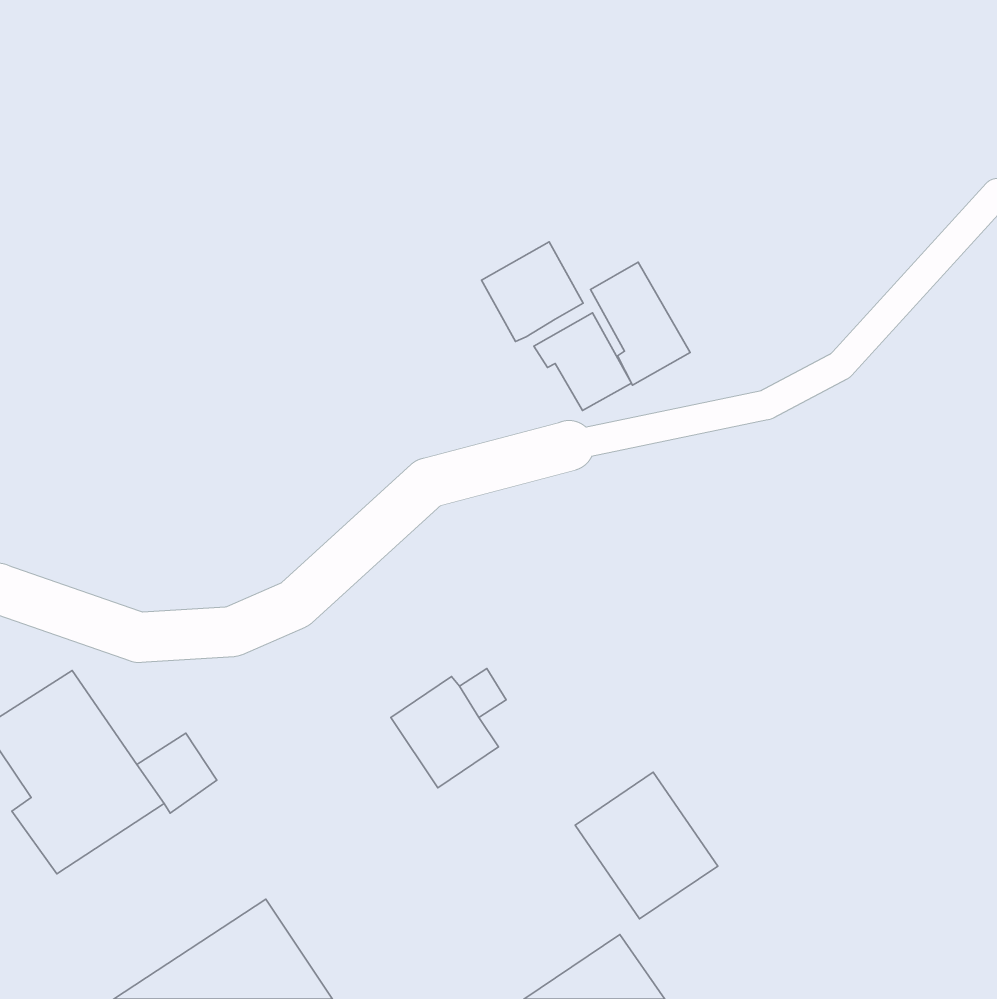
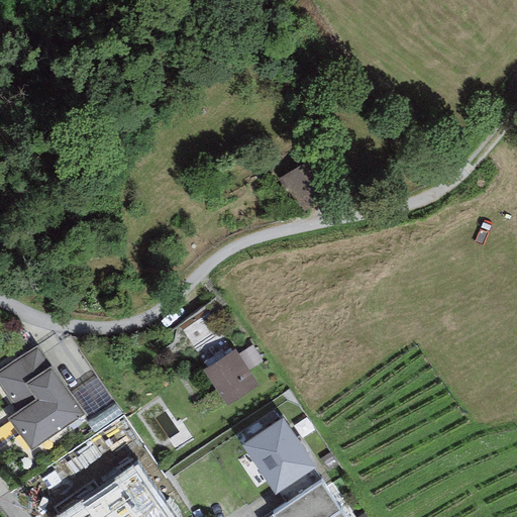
building: [482,242,583,341] -> none
building: [590,262,690,385] -> none
building: [575,772,718,919] -> [240,419,314,495]

